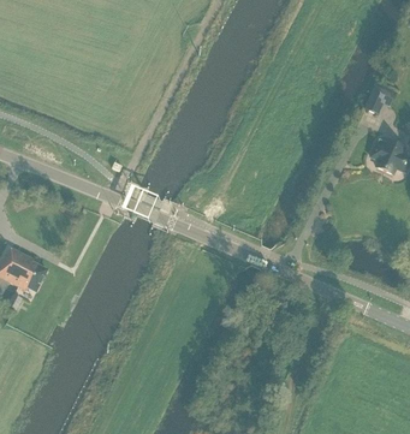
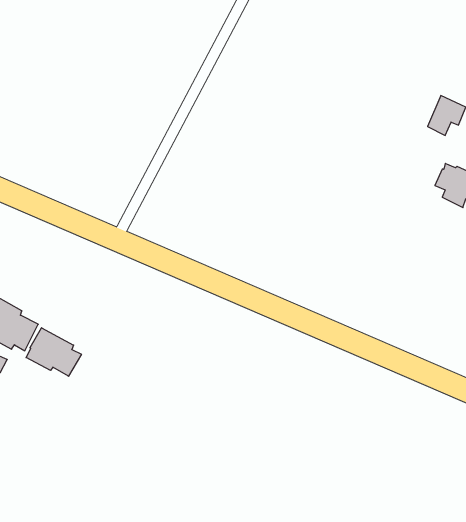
building: none -> [26,328,81,376]

